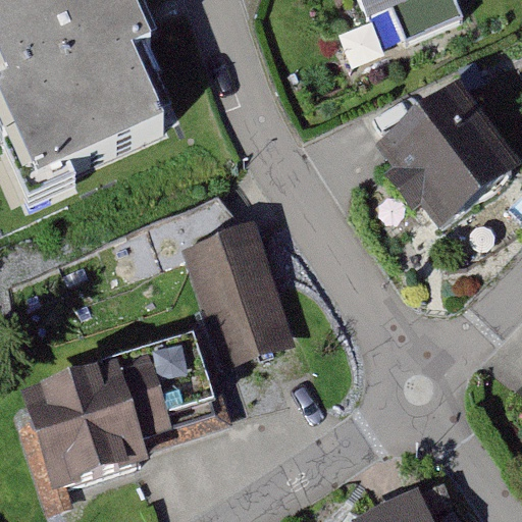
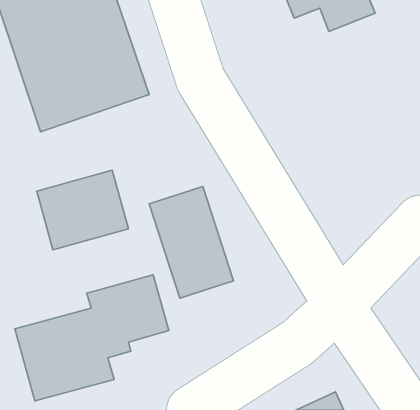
building: [369,94,506,228] -> none
building: none -> [37,170,129,250]

